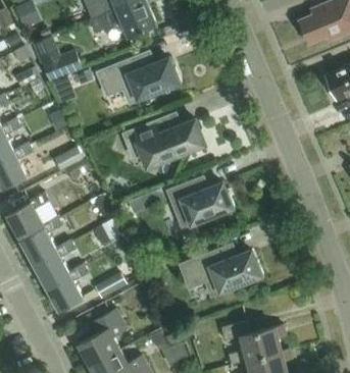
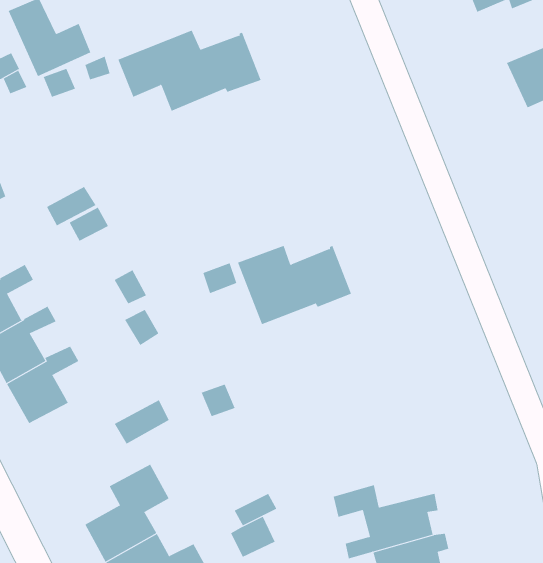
building: [122,117,206,164] -> none
building: [179,249,262,296] -> none
building: [44,265,87,311] -> none

